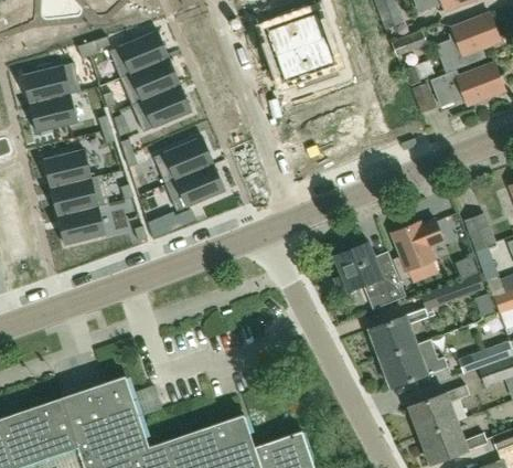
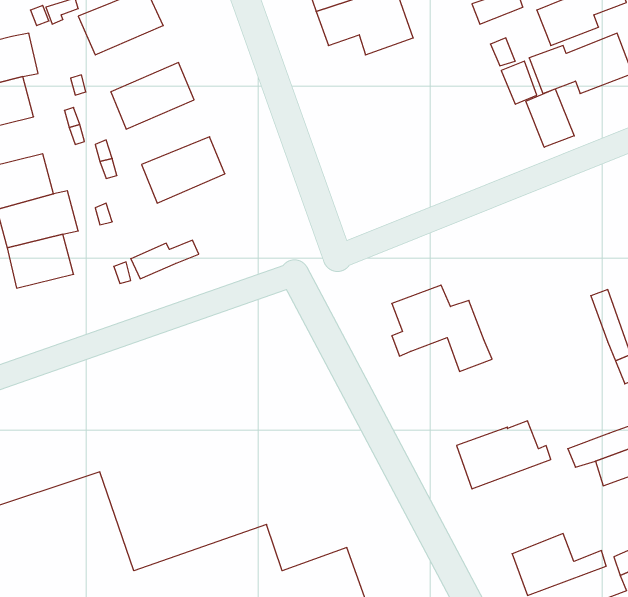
building: [121,57,181,105] -> none
building: none -> [526,89,574,147]
building: [165,163,225,211] -> none
building: [463,213,495,251] -> none
building: [392,220,443,281] -> none
building: [368,274,487,358] -> none
building: [408,385,469,435] -> none

